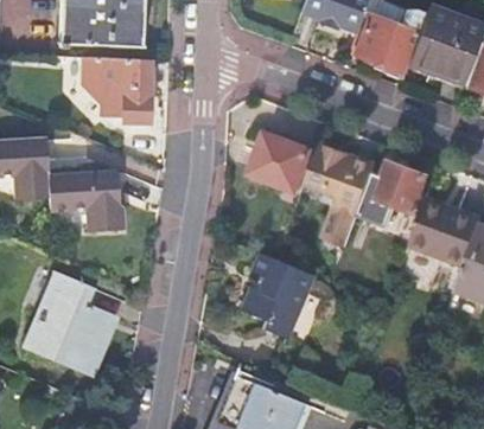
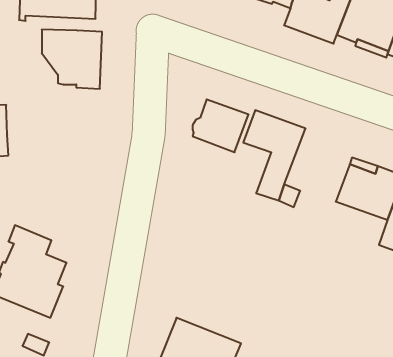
building: [377,162,427,211] -> none
building: [46,171,119,228] -> none
building: [243,252,316,339] -> none

